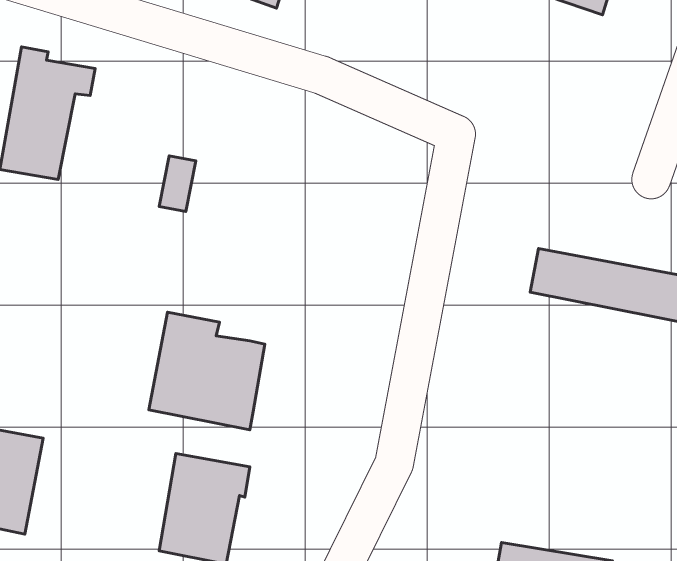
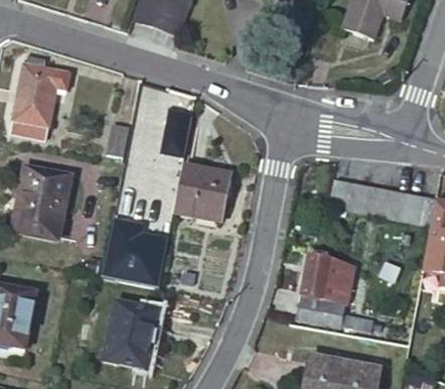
building: none -> [175,162,232,221]
building: none -> [19,167,70,237]
building: none -> [299,254,373,329]

